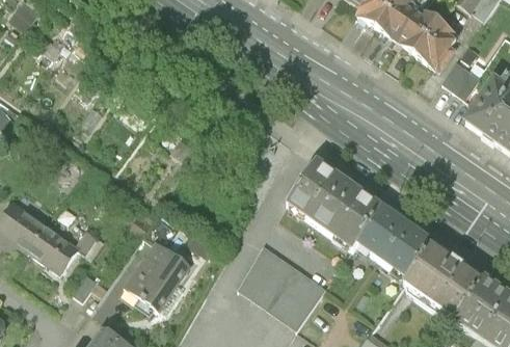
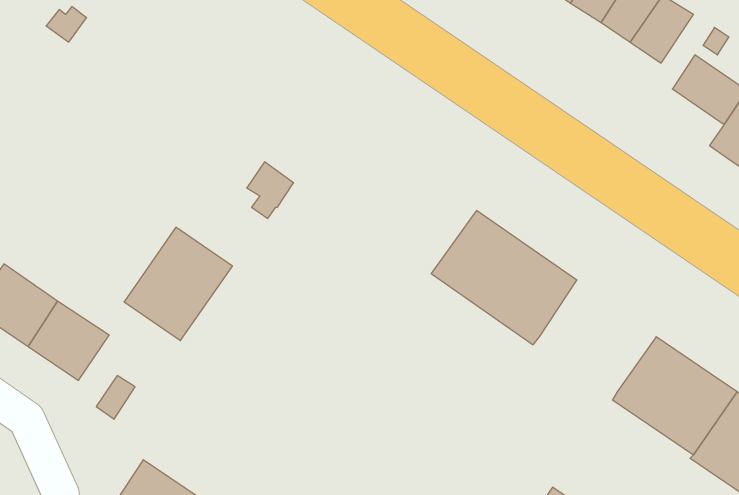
building: [357,208,432,279] -> none
building: [123,237,192,310] -> [124,227,232,341]
building: [239,247,325,329] -> none

